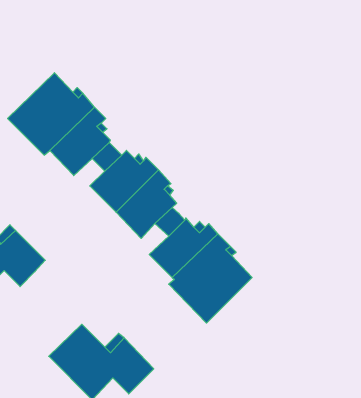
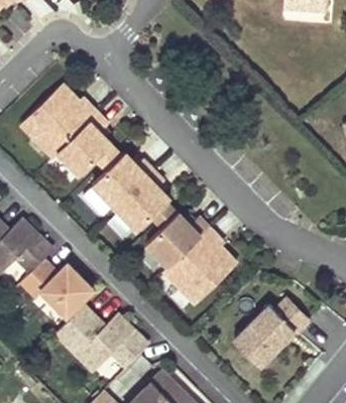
building: none -> [21,260,94,316]
building: none -> [234,299,310,366]

